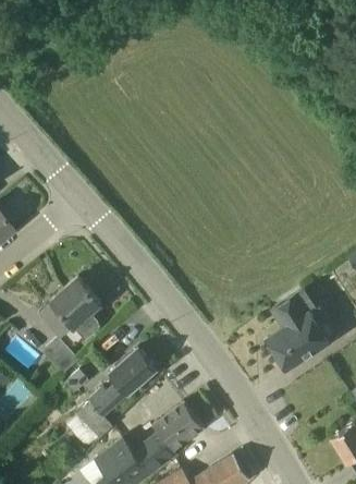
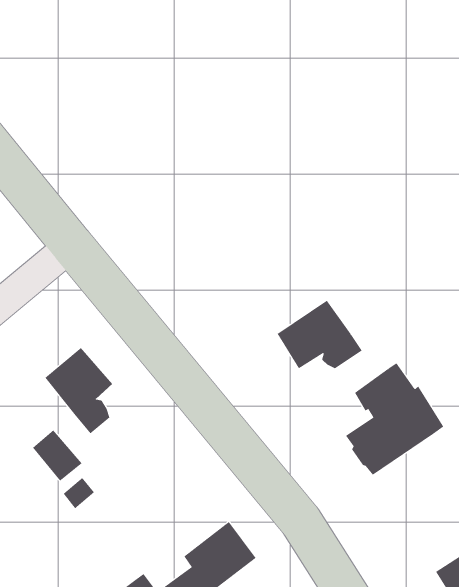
building: none -> [277,300,363,369]
building: [75,348,157,439] -> none

